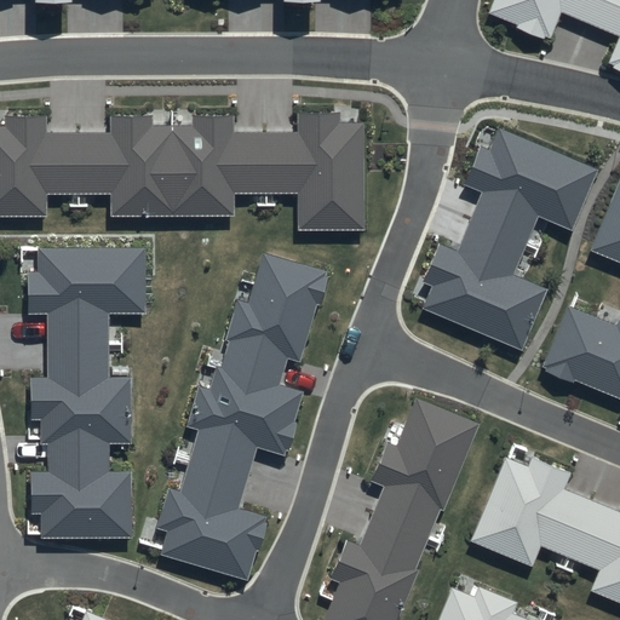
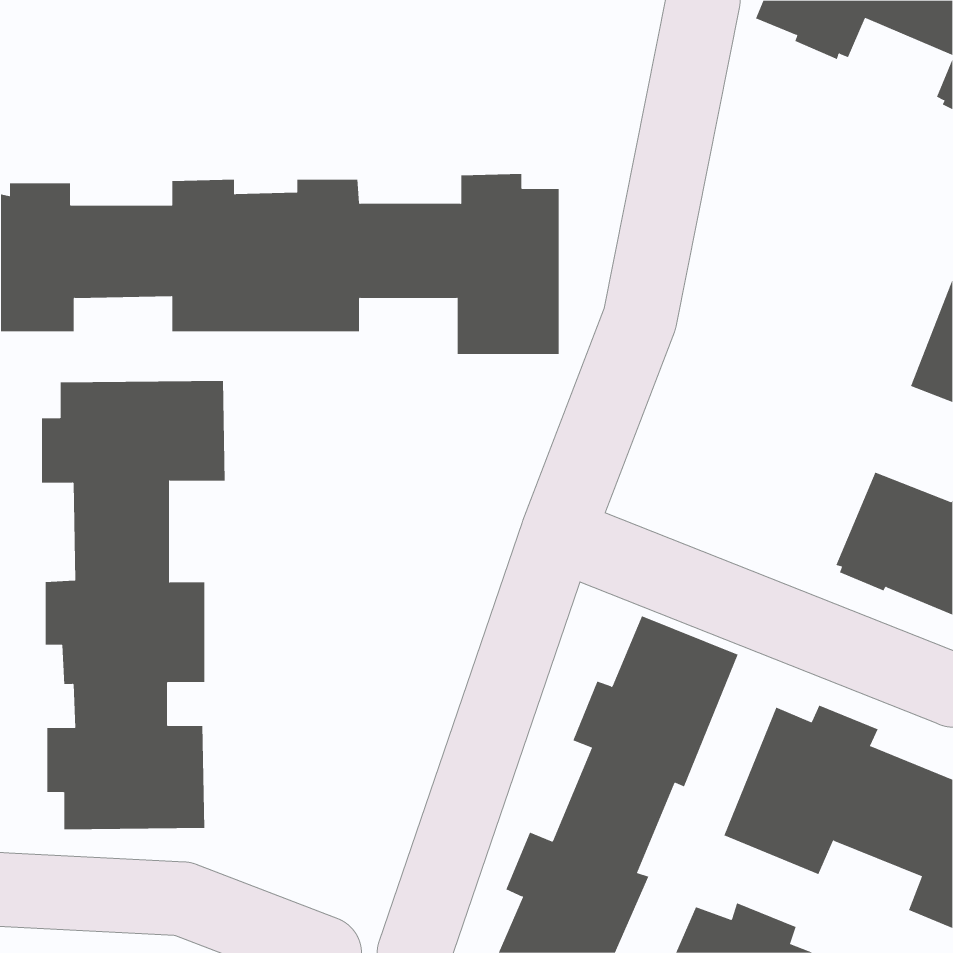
building: [423,130,598,350] -> none
building: [156,253,329,580] -> none

